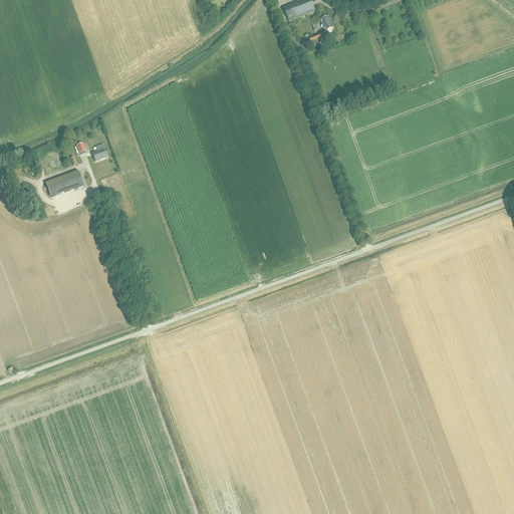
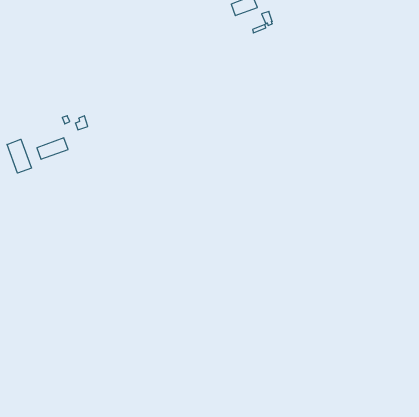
building: none -> [7,139,31,173]

